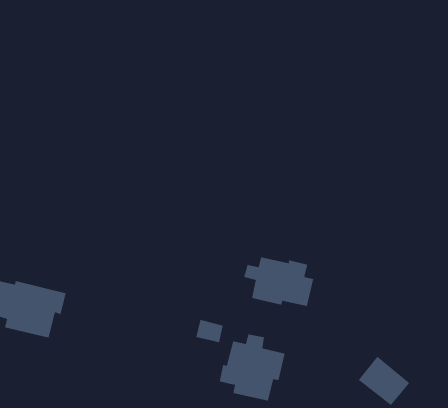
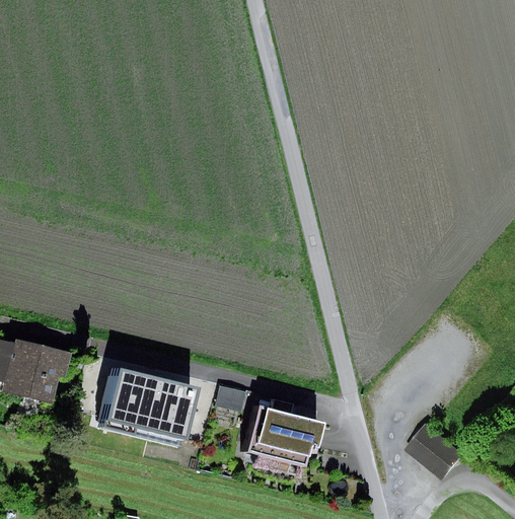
building: [244,257,314,307] -> none
building: none -> [92,368,188,445]

